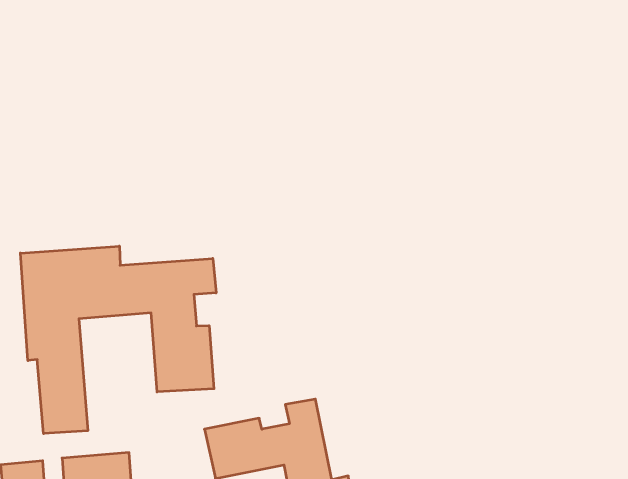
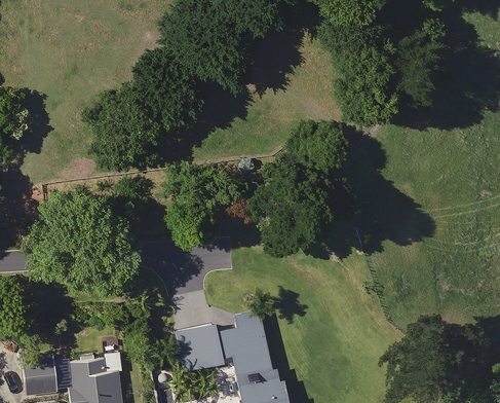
building: [20,246,216,434] -> none

